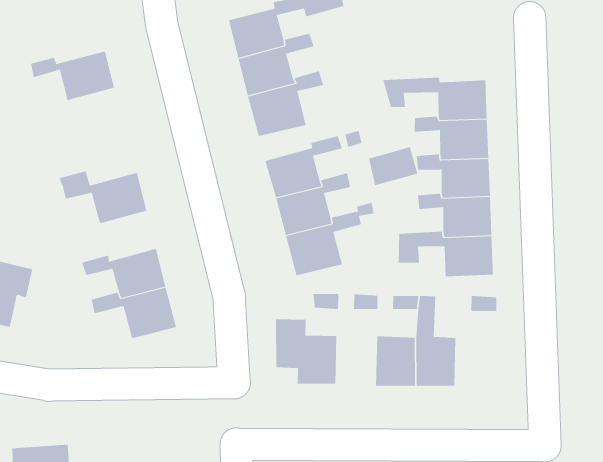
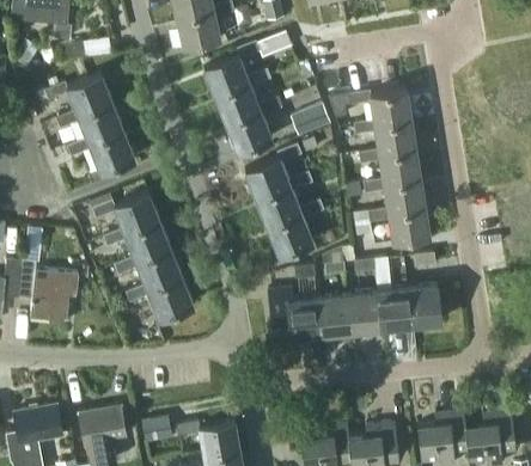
building: none -> [44,74,112,116]
building: none -> [67,129,135,173]
building: [368,146,418,186] -> [291,104,330,137]
building: none -> [103,220,170,262]
building: none -> [316,294,349,335]
building: none -> [407,284,440,325]

